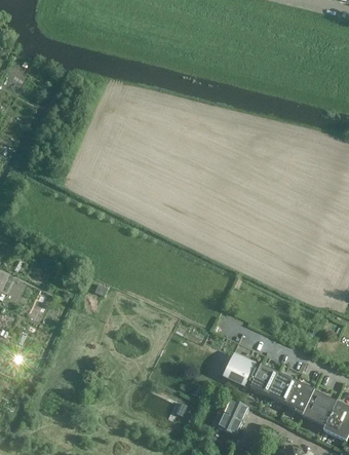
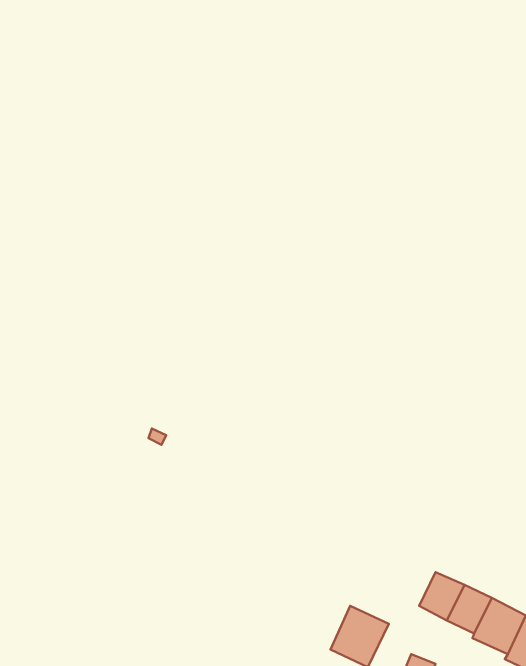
building: [228,357,279,396] -> none

